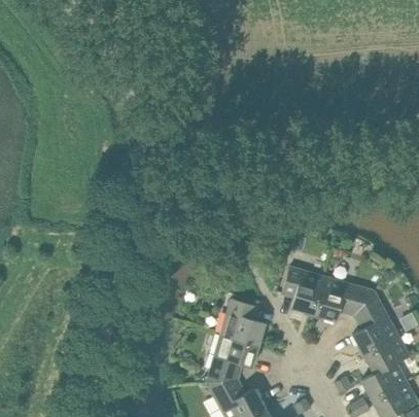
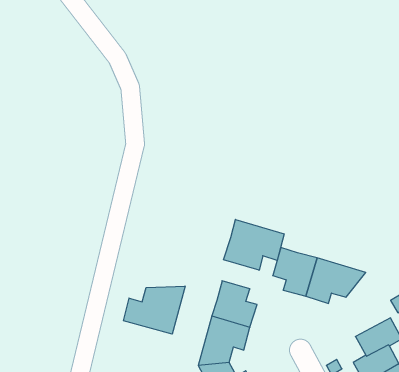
building: none -> [223,219,284,270]
building: [353,291,398,355] -> none
building: none -> [124,286,185,334]

